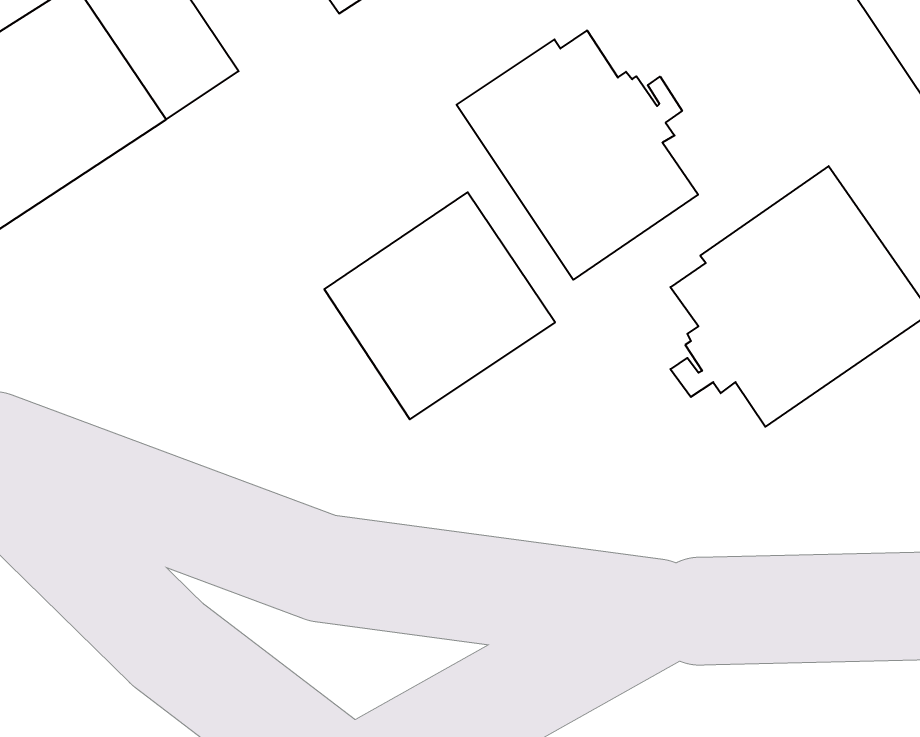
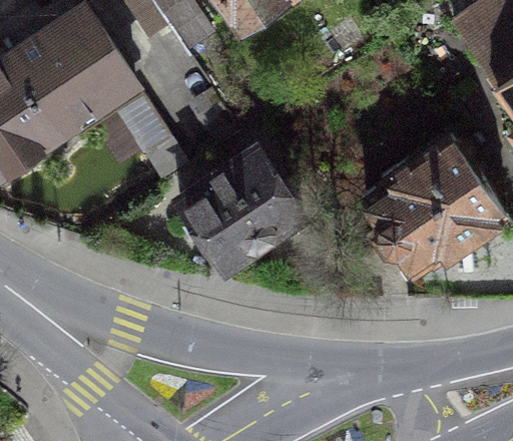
building: [457,30,698,280] -> none

